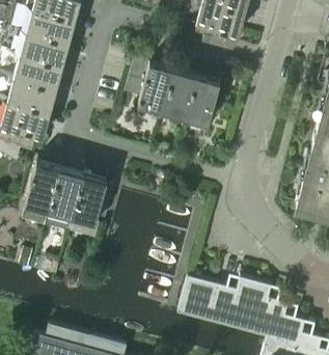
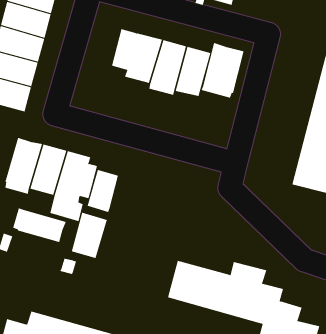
building: none -> [201,42,244,99]
building: none -> [87,169,118,213]
building: none -> [12,207,66,243]
building: none -> [71,212,107,259]

